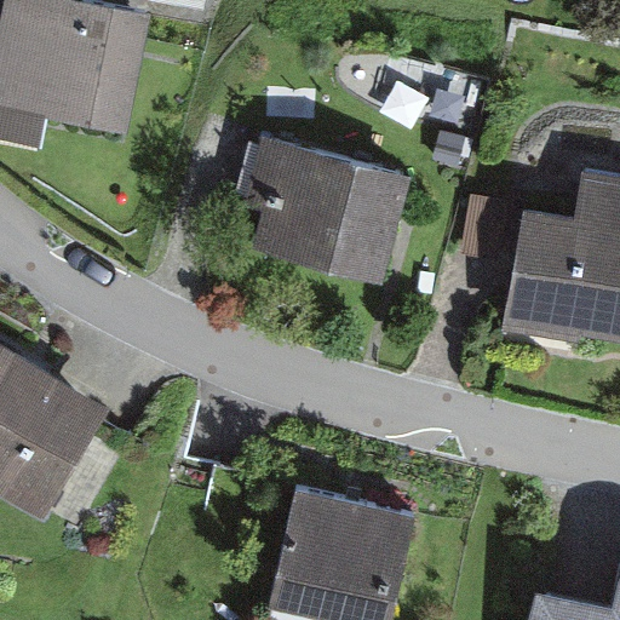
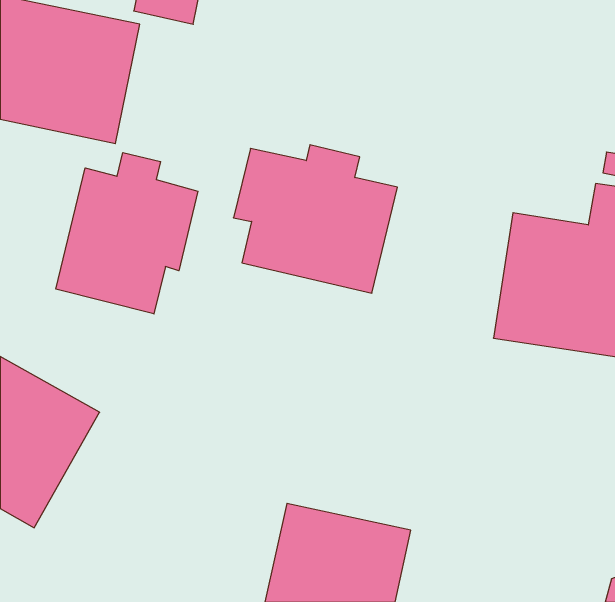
building: none -> [56,153,198,314]

